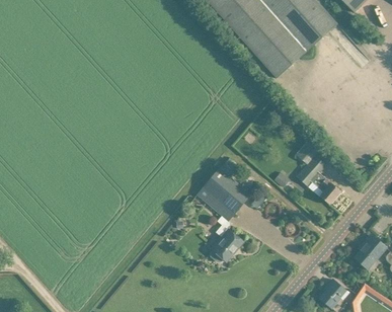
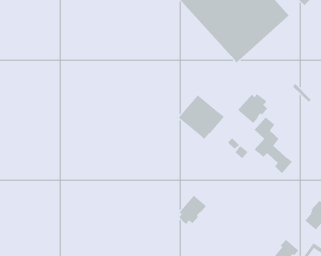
building: none -> [237,94,268,124]
building: [198,168,251,220] -> [178,95,225,140]

